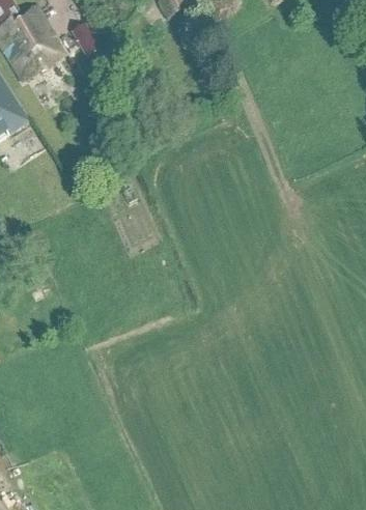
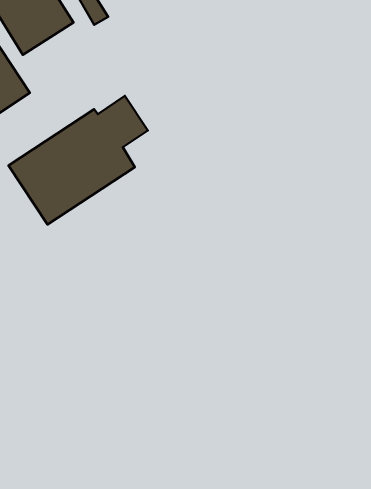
building: none -> [9,96,148,224]

